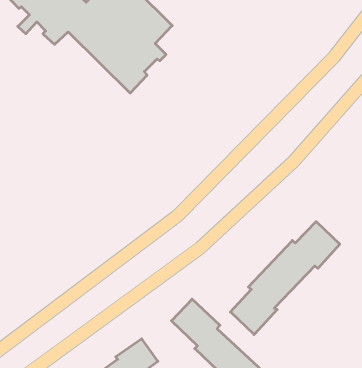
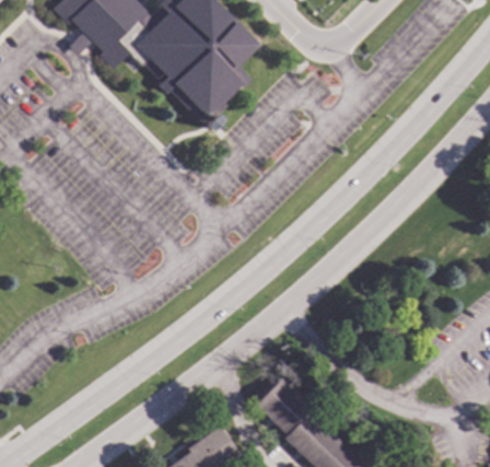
building: [230,222,340,335] -> none

